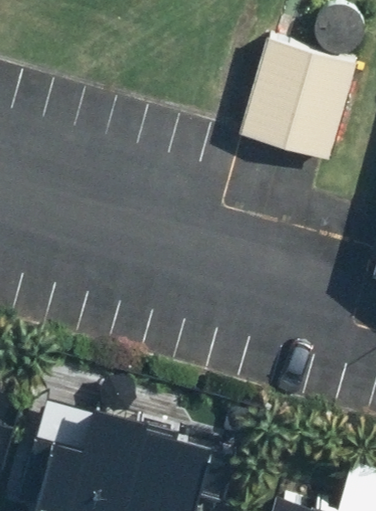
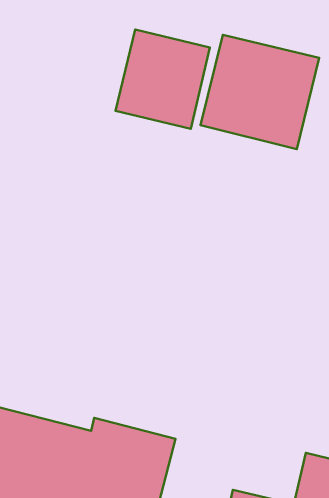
building: none -> [115,30,210,129]

